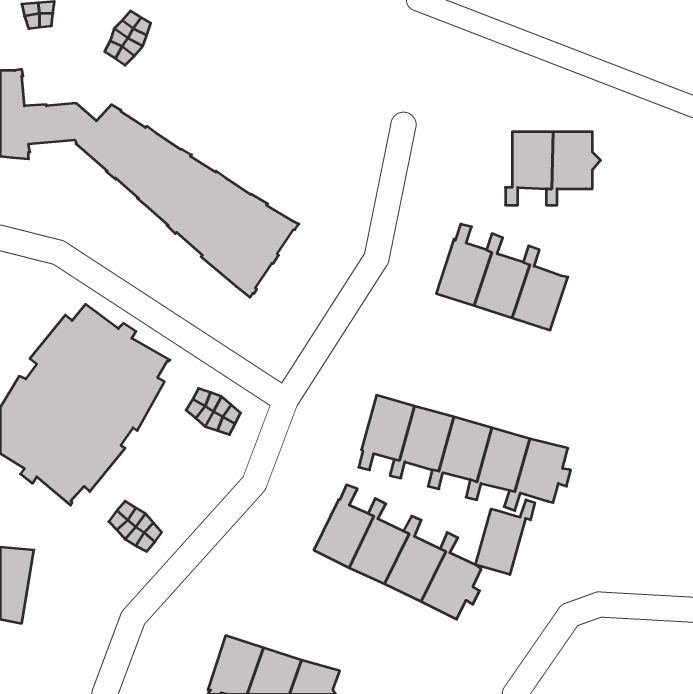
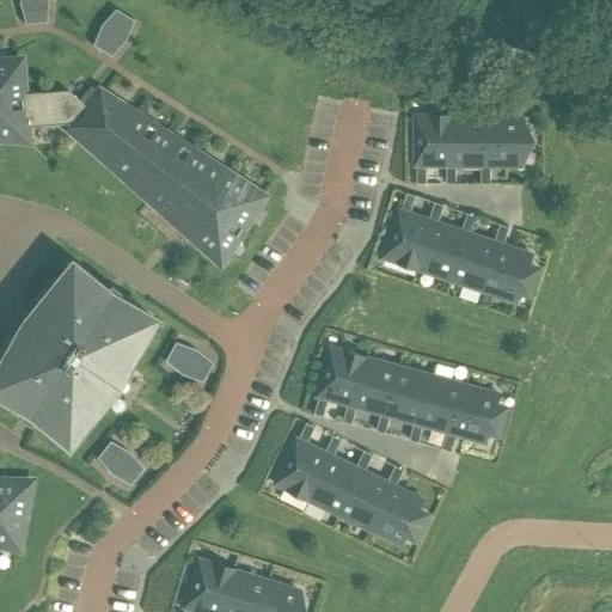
building: none -> [417,116,452,180]
building: none -> [485,228,534,301]
building: [476,500,535,575] -> none

